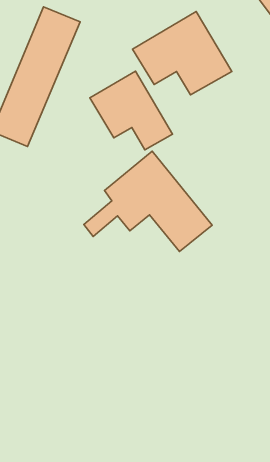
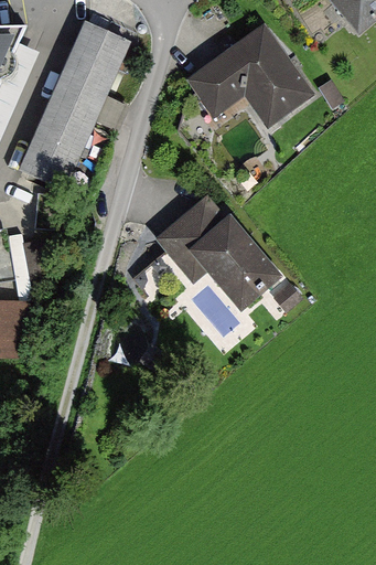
building: [90,71,172,150] -> none

